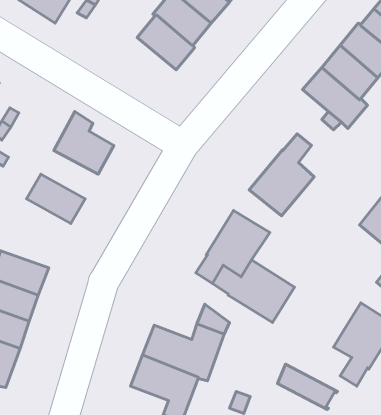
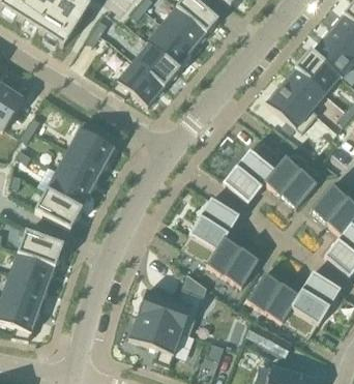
building: none -> [110,61,165,107]
building: none -> [262,147,317,209]
building: none -> [57,151,102,189]
building: none -> [34,189,81,230]
building: none -> [246,273,304,330]

